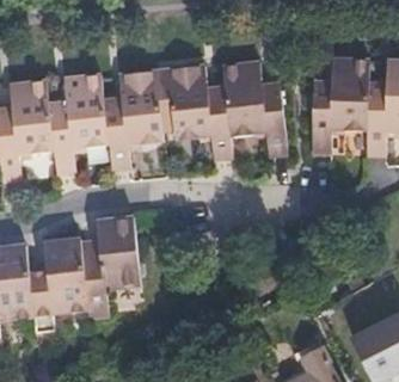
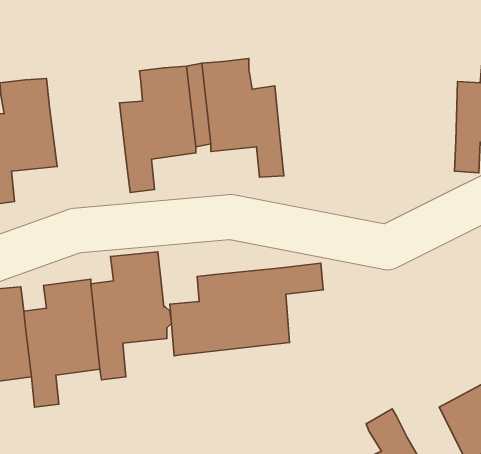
building: [311,56,369,150] -> none
building: [222,60,287,154] -> none
building: [48,73,108,172] -> none
building: none -> [170,263,323,356]

